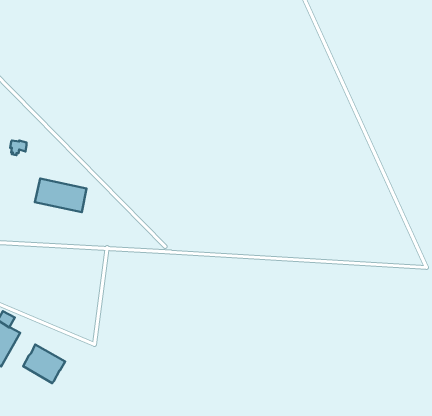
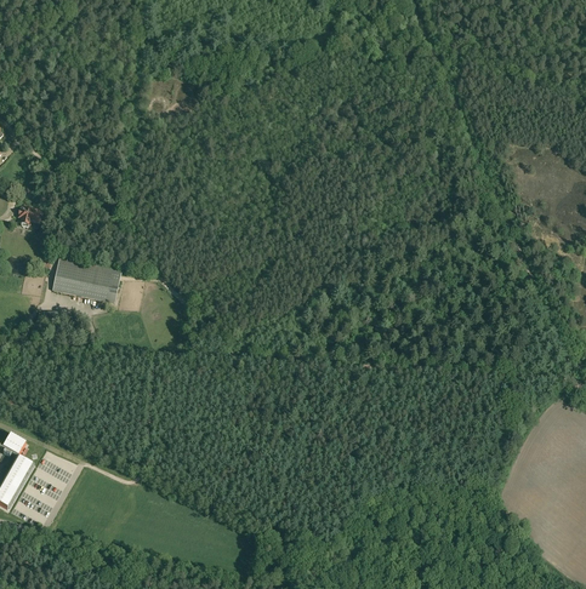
building: [23,344,65,383] -> none

